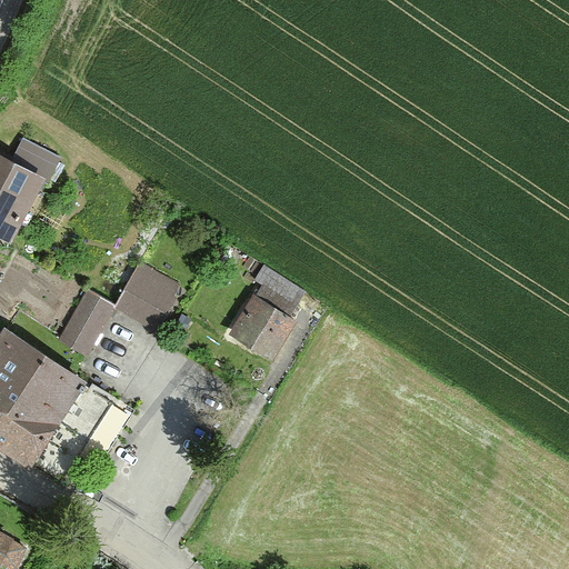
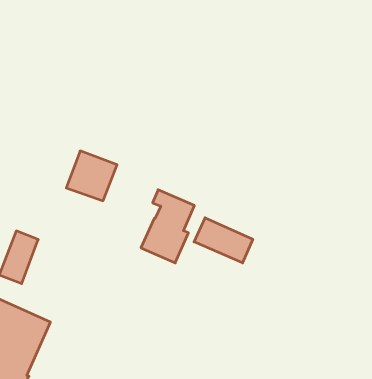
building: [114,263,179,327] -> [66,151,117,201]
building: none -> [194,218,253,263]

